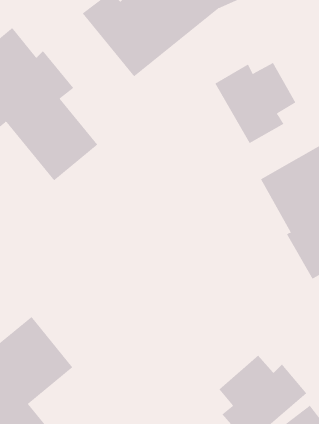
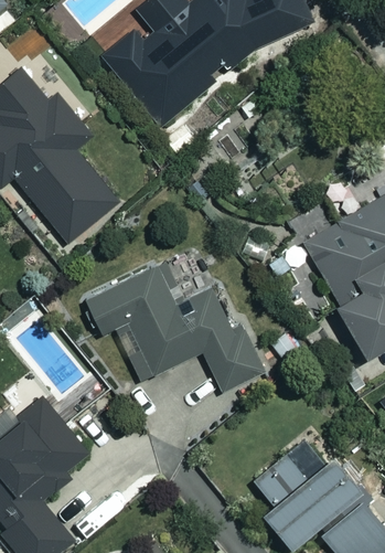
building: [215,62,296,144] -> none
building: none -> [86,264,263,391]

